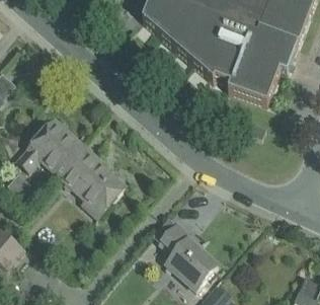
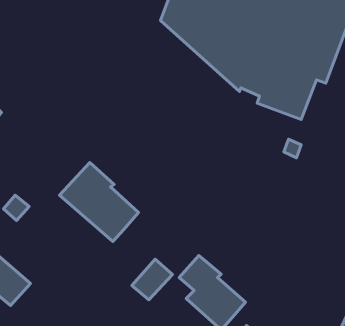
building: [16,121,81,173] -> none
building: none -> [132,259,172,300]

